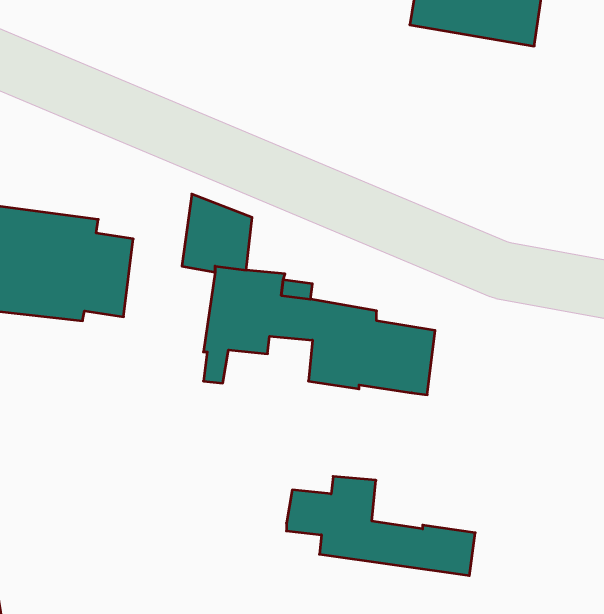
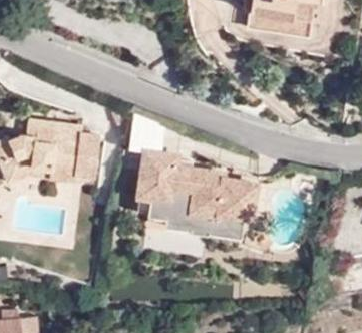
building: [286,476,475,576] -> [149,187,247,238]

